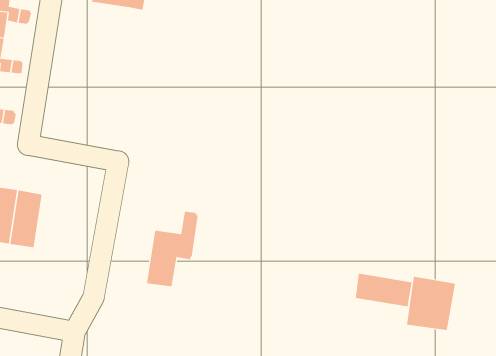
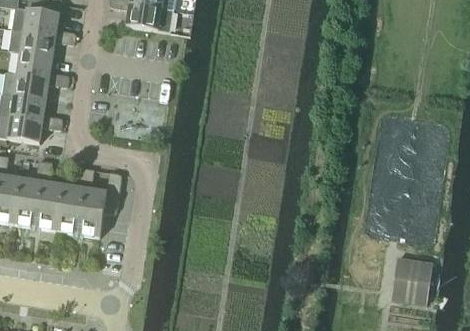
building: [146,211,198,287] -> [77,172,121,236]
building: [355,273,412,307] -> none

